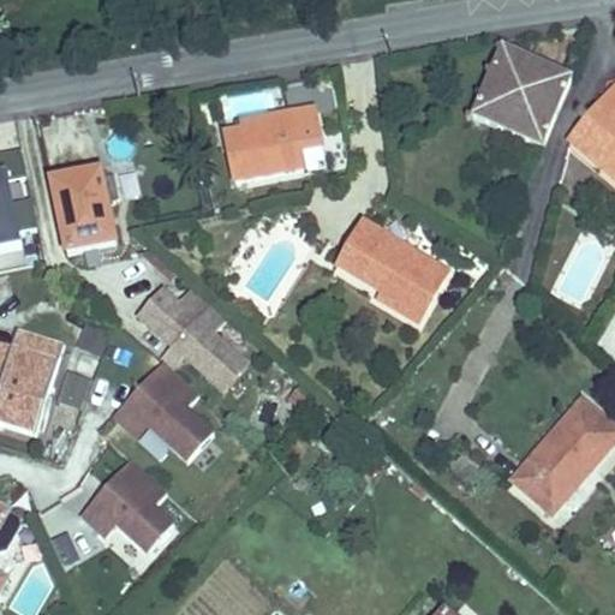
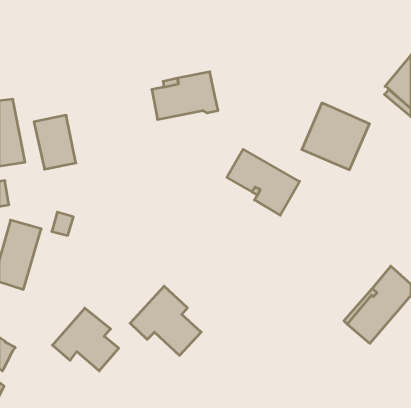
building: [471,44,572,144] -> [302,103,370,170]
building: [132,281,249,390] -> none
building: [113,359,219,462] -> [130,286,201,355]

